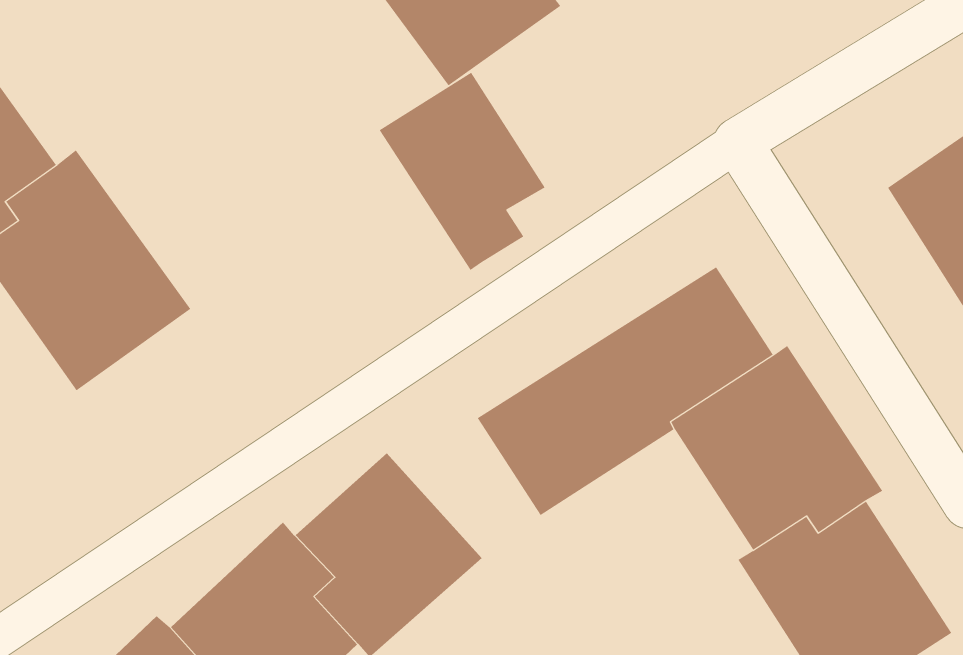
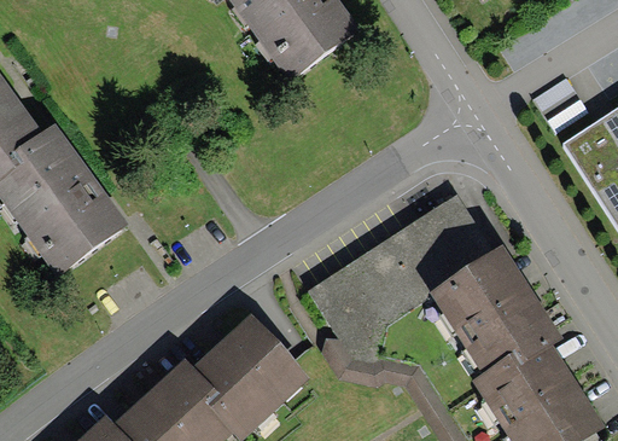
building: [379,72,546,271] -> none

